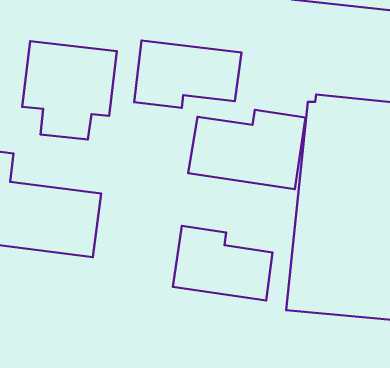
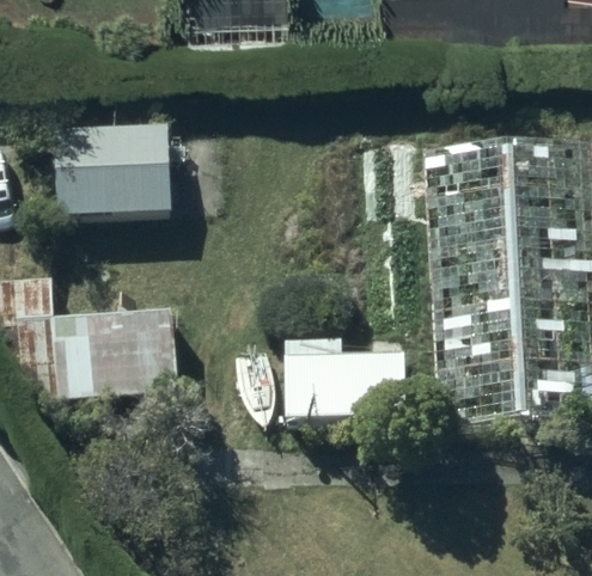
building: [134,41,242,108] -> none
building: [188,110,306,189] -> none

